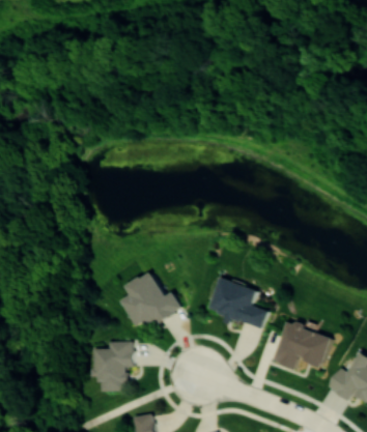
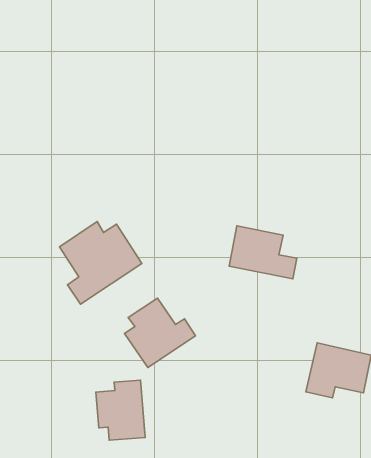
building: none -> [59,222,142,304]
building: [209,278,269,327] -> [229,226,297,279]

